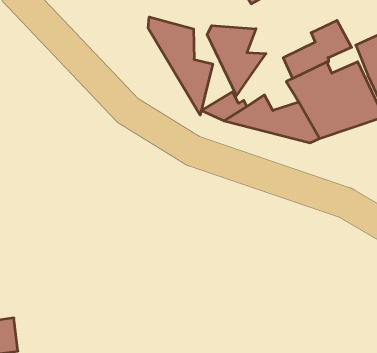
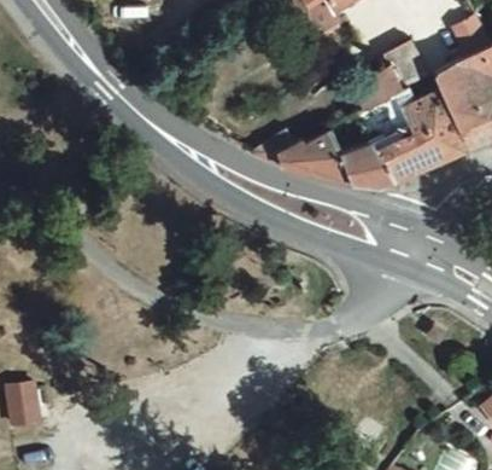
building: [148,17,213,115] -> none
building: [207,26,266,96] -> none

